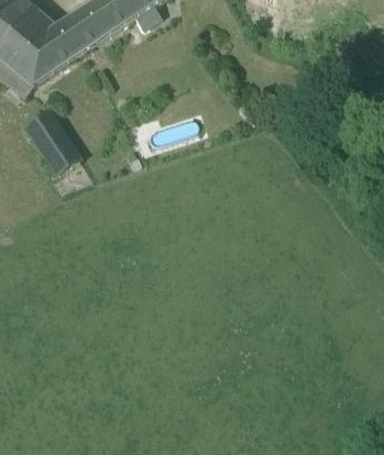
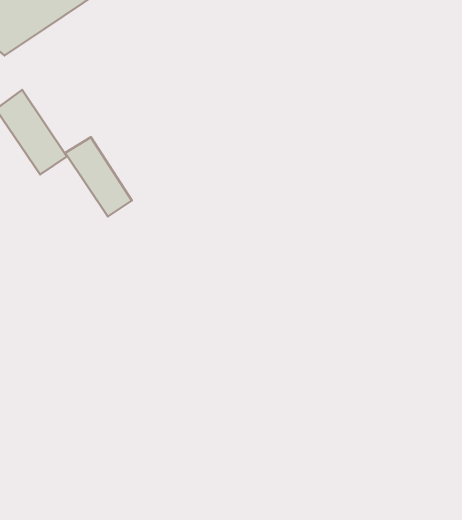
building: none -> [65,137,132,217]

